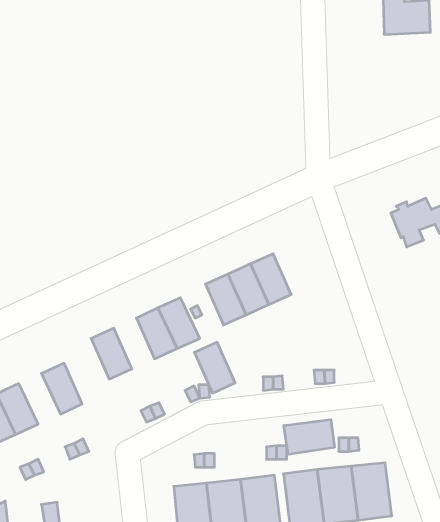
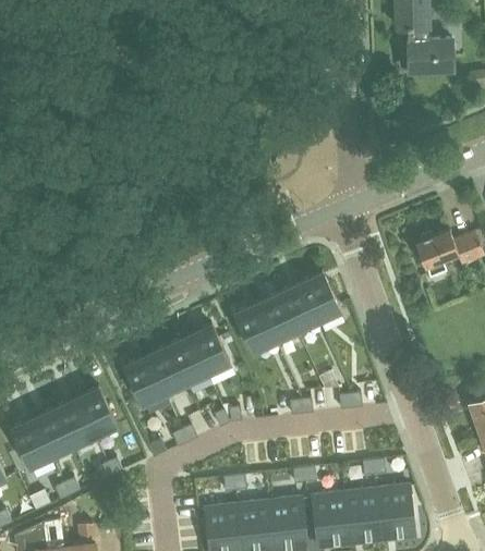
building: none -> [301,274,340,323]
building: [194,342,235,393] -> [147,346,186,395]
building: none -> [56,400,96,449]
building: [284,420,334,454] -> none

